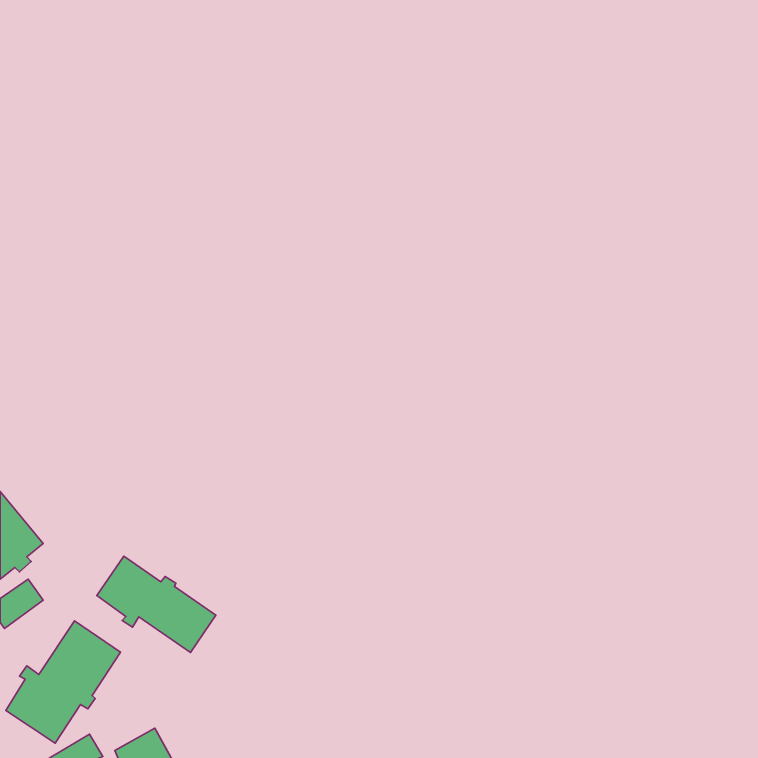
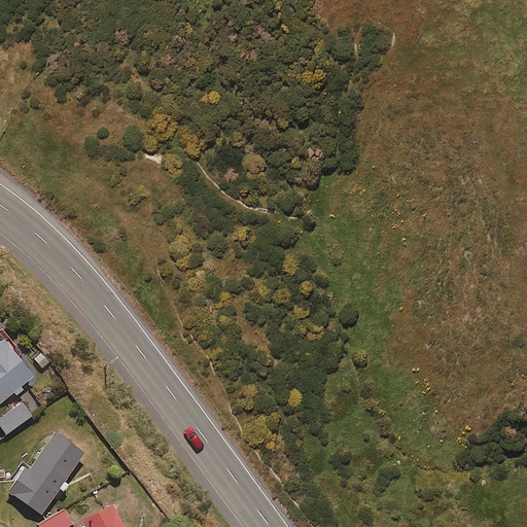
building: [97,556,216,652] -> none

